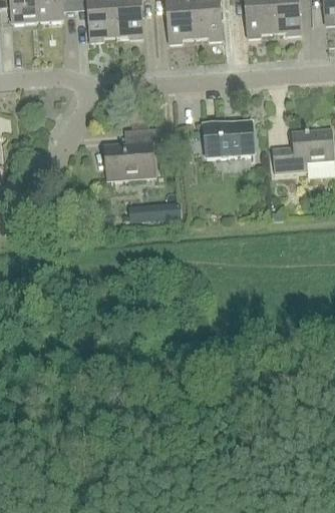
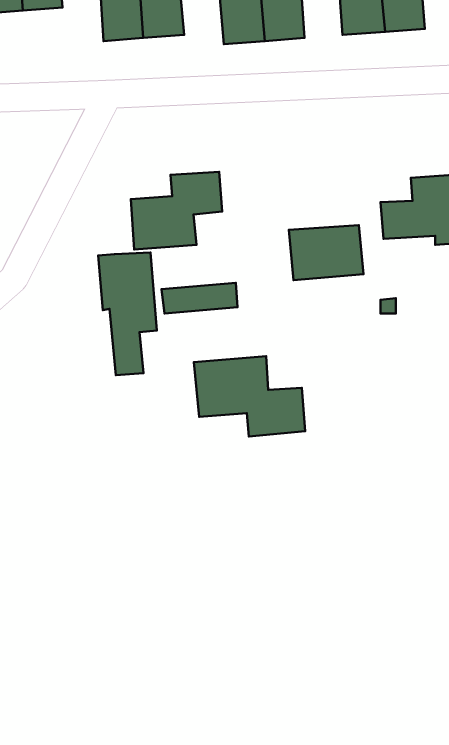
building: [204,120,253,156] -> [289,225,363,280]
building: none -> [98,253,157,375]
building: none -> [194,356,305,436]

